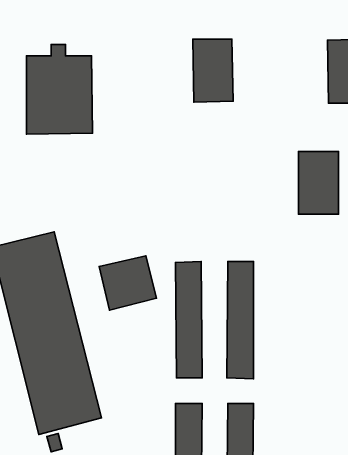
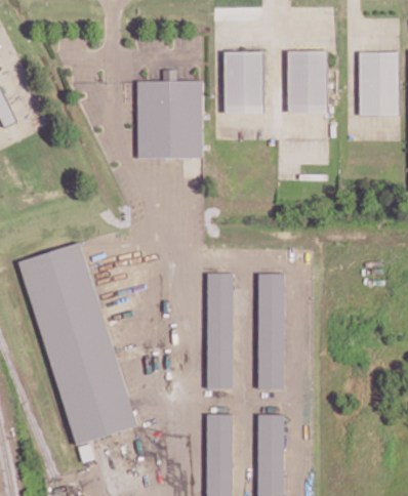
building: [27,45,92,134] -> [137,70,203,159]
building: [298,151,339,214] -> [287,50,327,113]
building: [99,256,157,310] -> none

